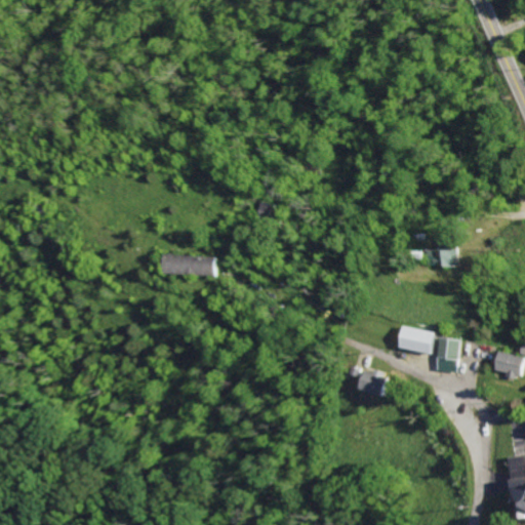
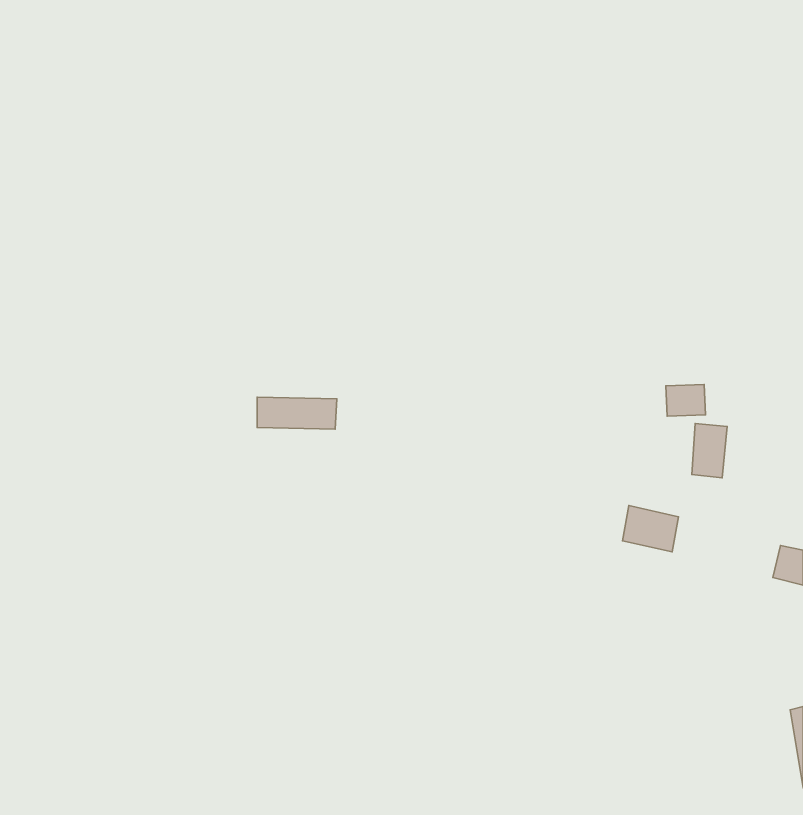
building: [437,337,459,372] -> [692,423,727,478]
building: [357,368,385,395] -> none

